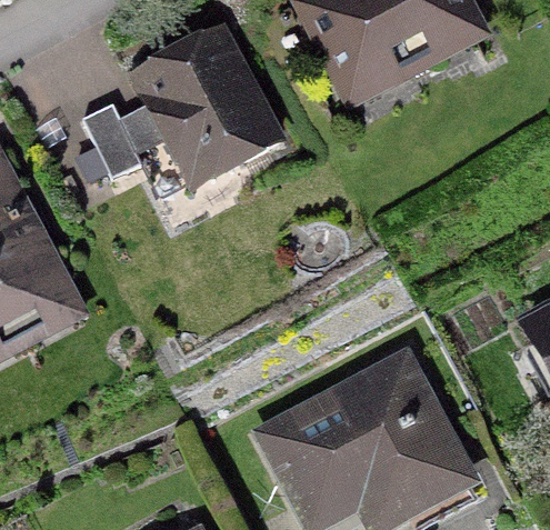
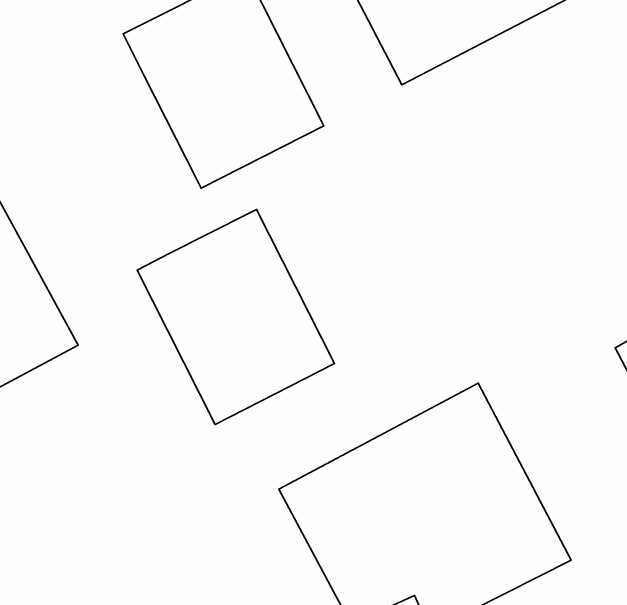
building: [74,100,187,200] -> none
building: none -> [137,209,335,424]

